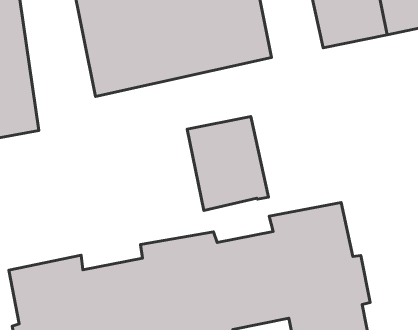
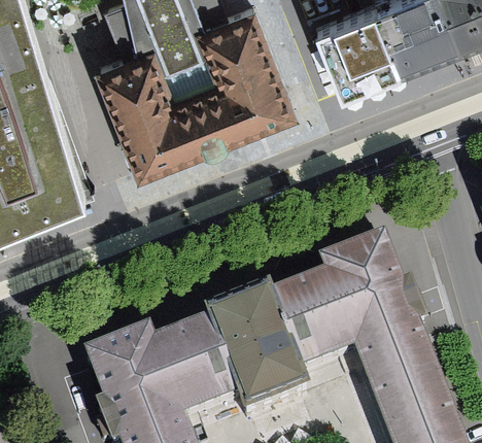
building: [187,116,268,211] -> none

